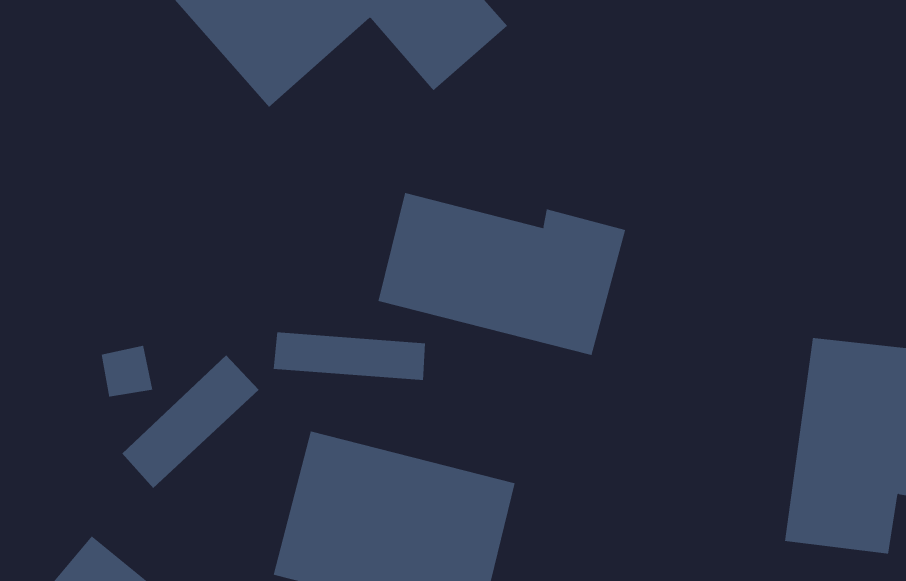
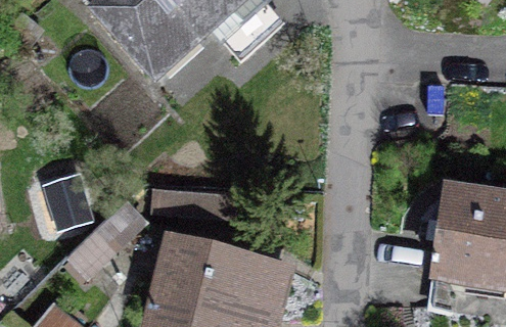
building: [378,192,626,356] -> none

